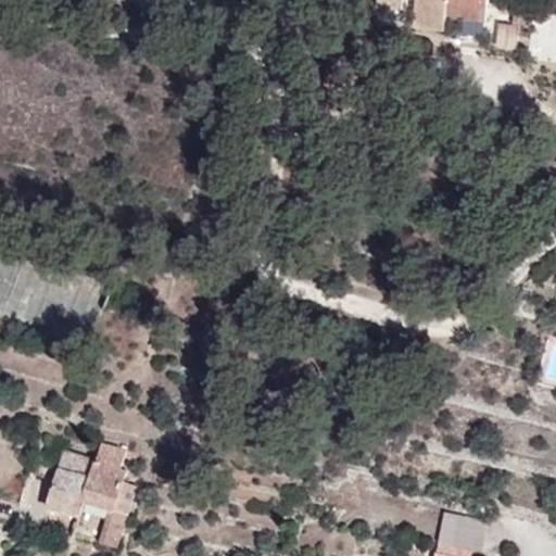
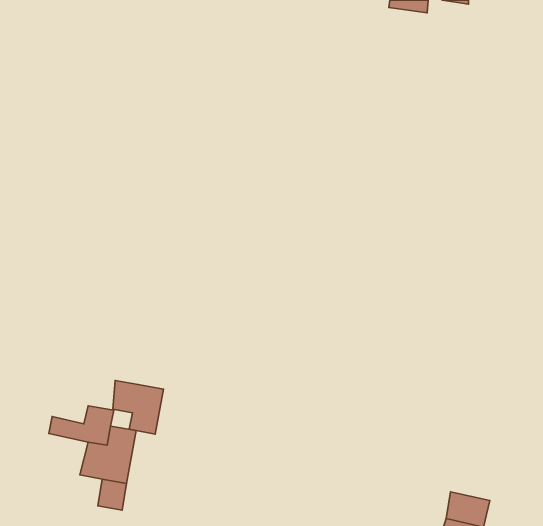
building: none -> [113,381,163,434]
building: [42,460,90,503] -> none

